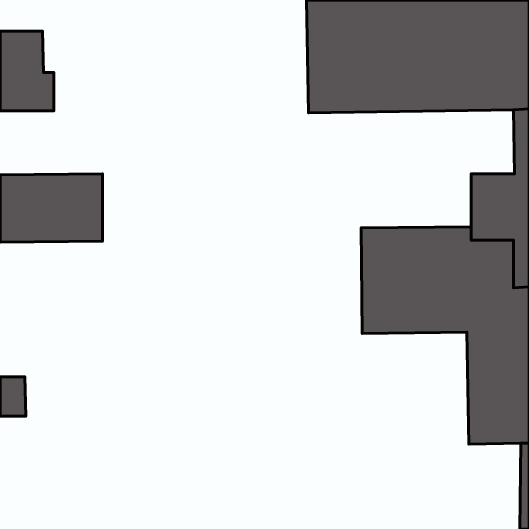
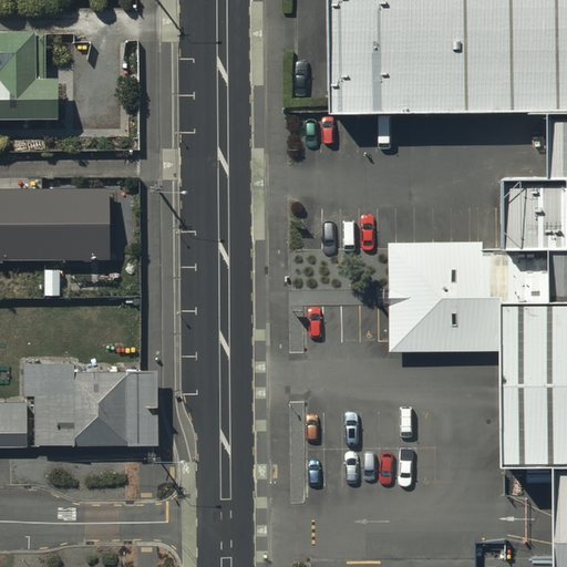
building: none -> [23,362,157,444]

